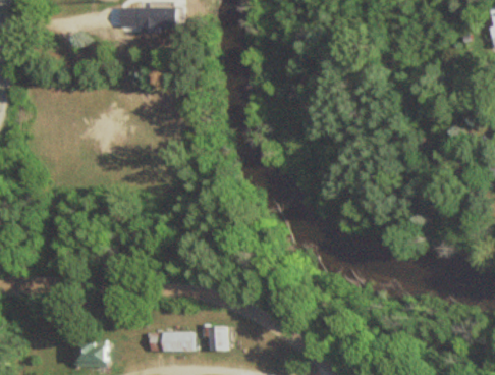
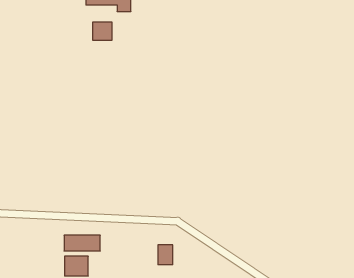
building: none -> [93,22,112,40]
building: [149,332,194,352] -> [64,235,100,251]

